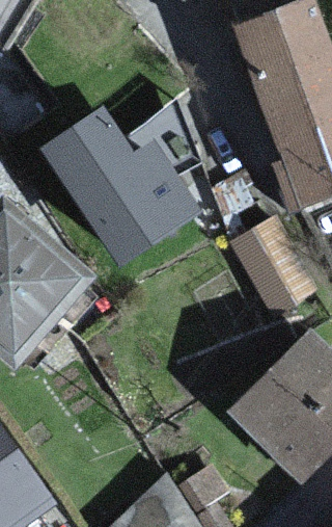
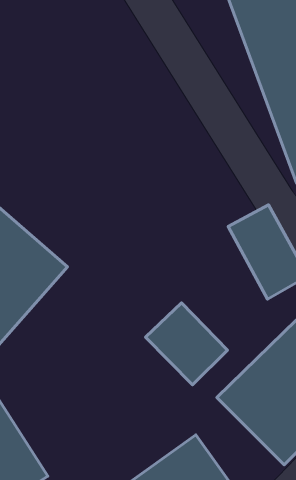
building: [52,114,197,257] -> none
building: none -> [146,303,227,385]

